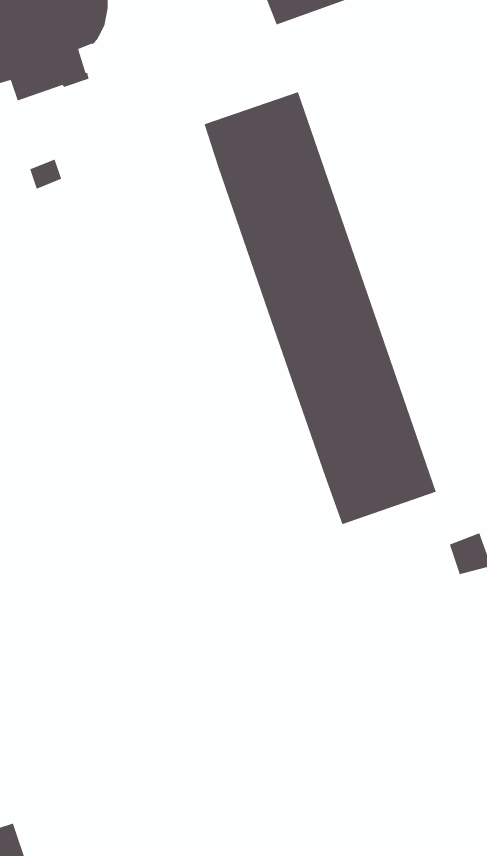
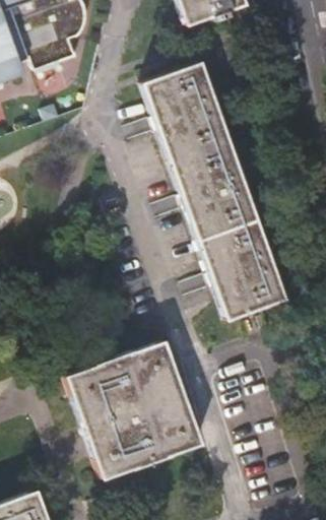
building: none -> [66,340,201,477]

